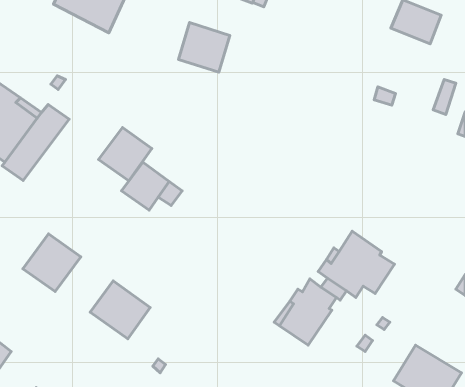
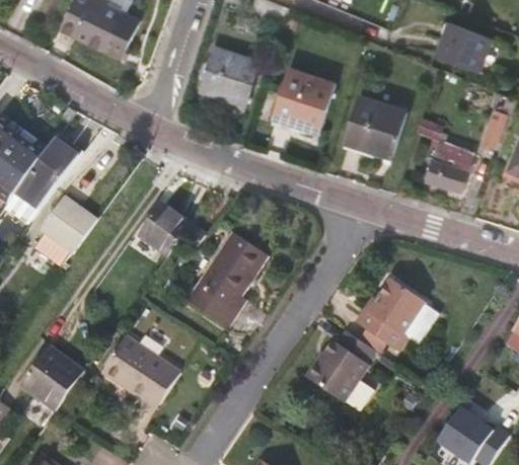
building: none -> [270,69,332,133]
building: none -> [342,97,404,157]
building: none -> [424,141,471,192]
building: [99,127,152,181] -> [38,195,96,253]
building: none -> [187,235,271,330]
building: [23,234,81,292] -> [19,346,83,410]

